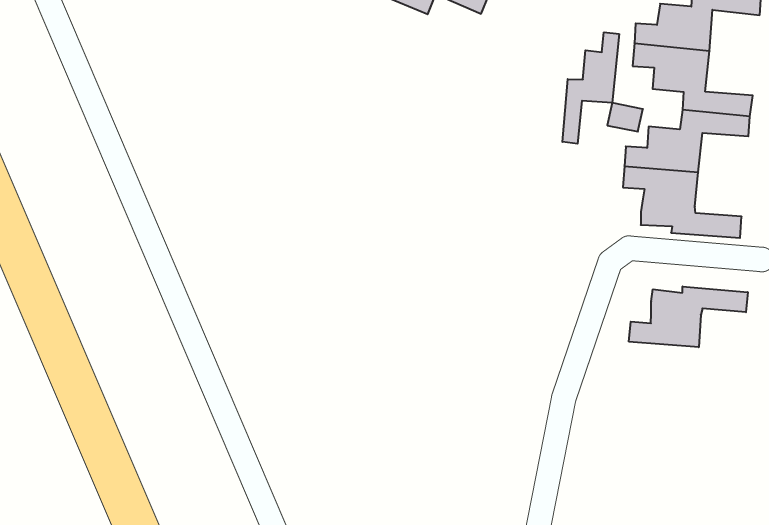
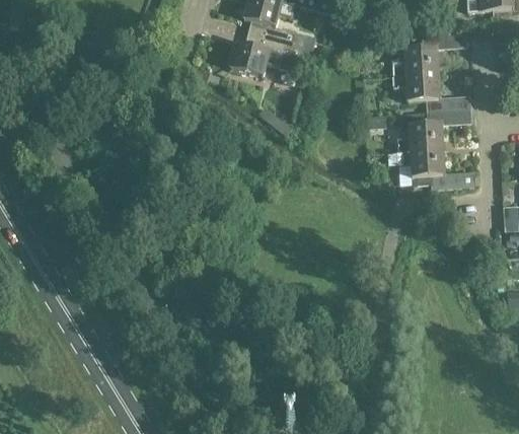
building: [562,32,619,144] -> none
building: [629,286,748,347] -> none

